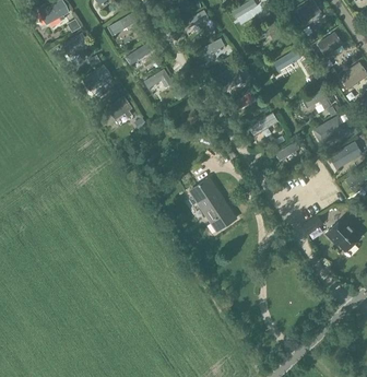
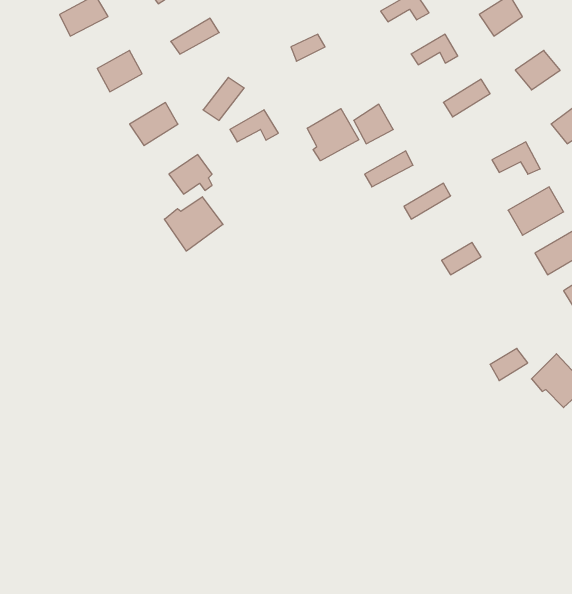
building: none -> [307,109,359,161]
building: none -> [164,197,223,251]
building: [190,177,236,231] -> none

